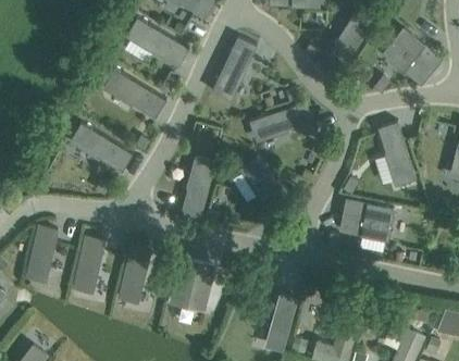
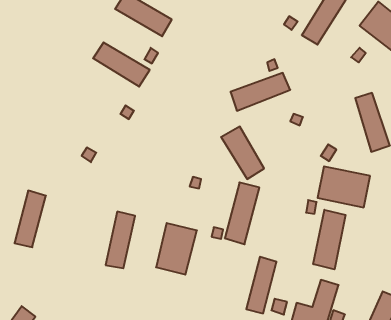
building: [211,38,255,101] -> none
building: [73,124,134,172] -> none
building: [179,157,215,221] -> [225,182,259,244]
building: [74,237,104,296] -> none
building: none -> [313,210,346,269]

